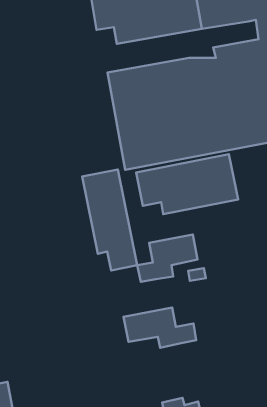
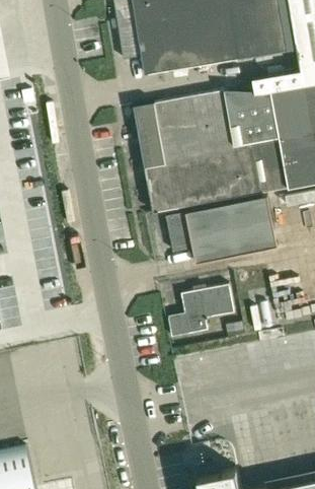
building: [82,169,137,271] -> none
building: [124,308,196,348] -> none

